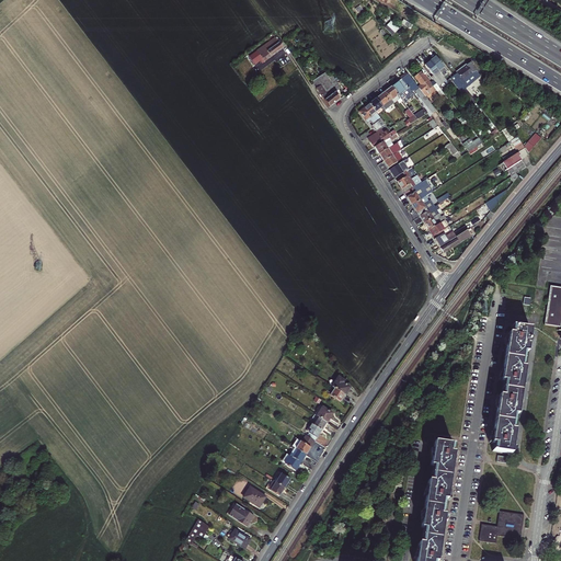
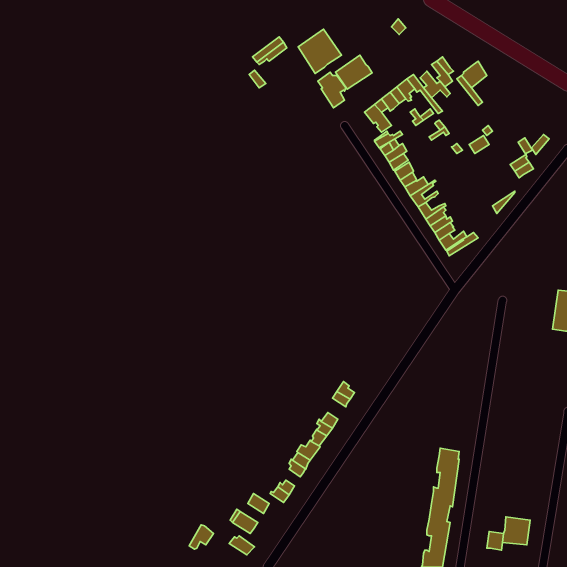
building: none -> [298,29,342,74]
building: none -> [335,55,372,89]
building: [491,324,531,453] -> none

